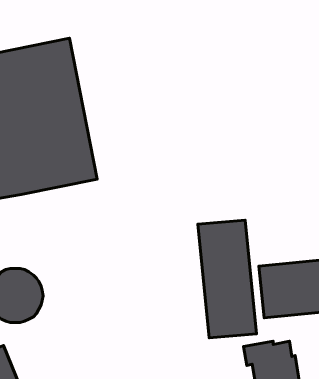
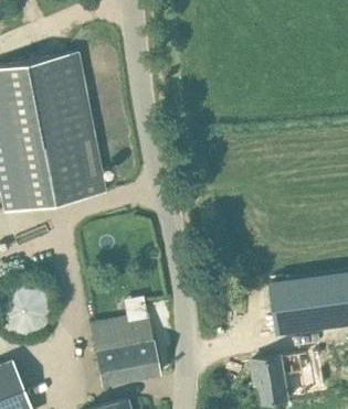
building: [198,220,257,338] -> none
building: none -> [92,316,159,387]

